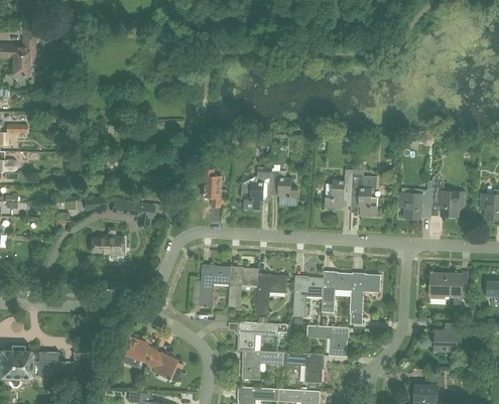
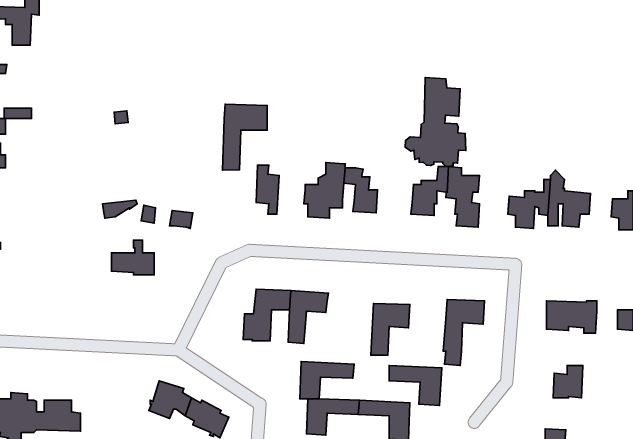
building: none -> [405,78,466,167]
building: none -> [222,104,267,170]
building: [322,271,352,316] -> none
building: [255,274,286,314] -> none

